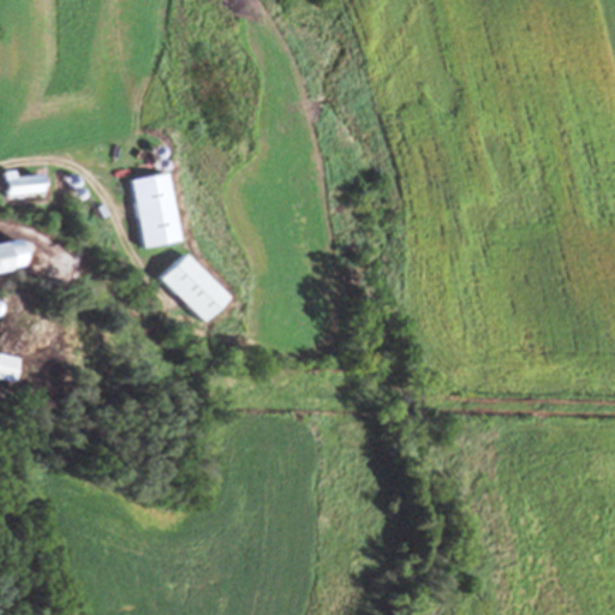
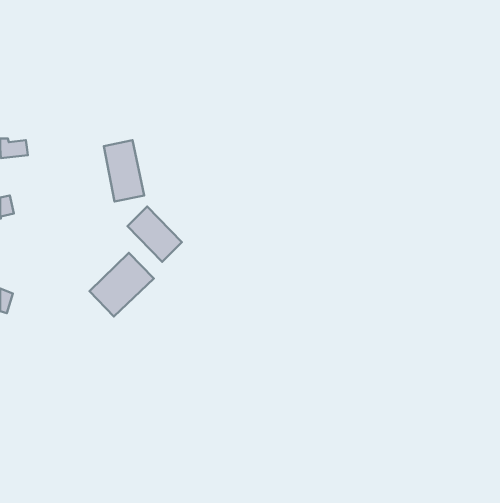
building: none -> [90,253,154,316]

